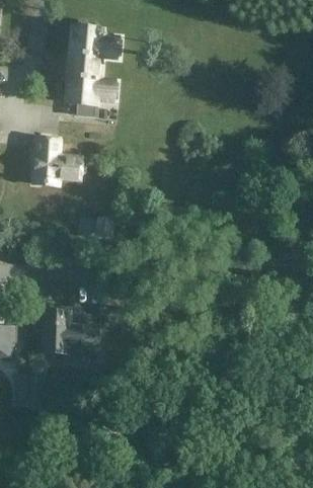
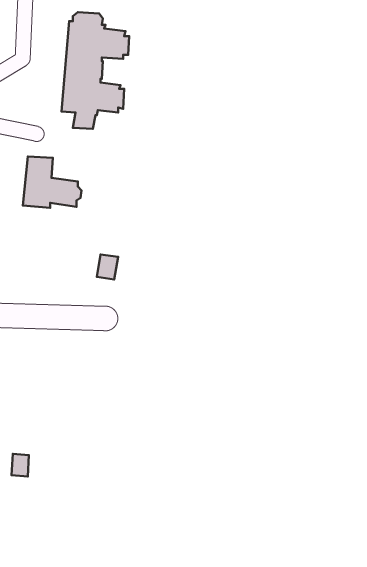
building: [37,311,95,353] -> none

